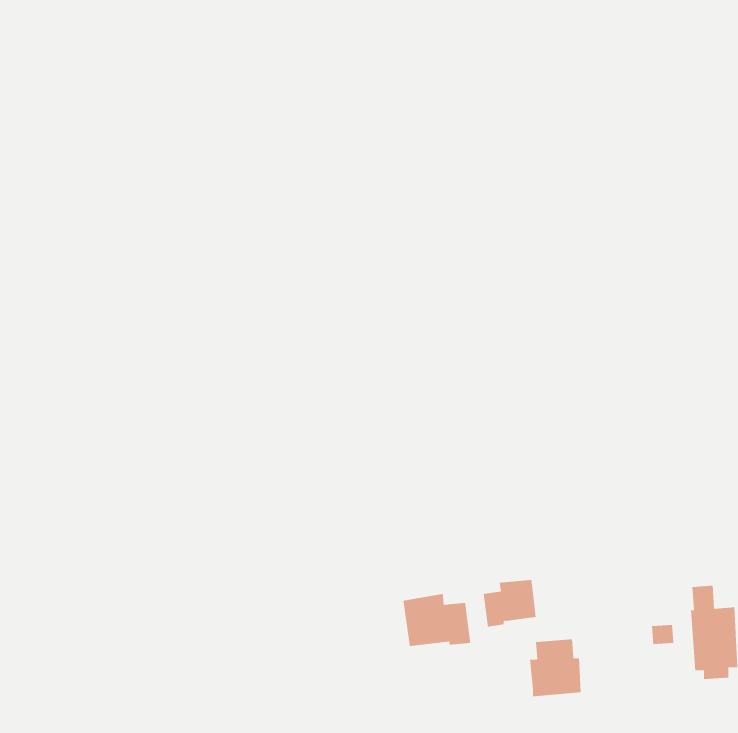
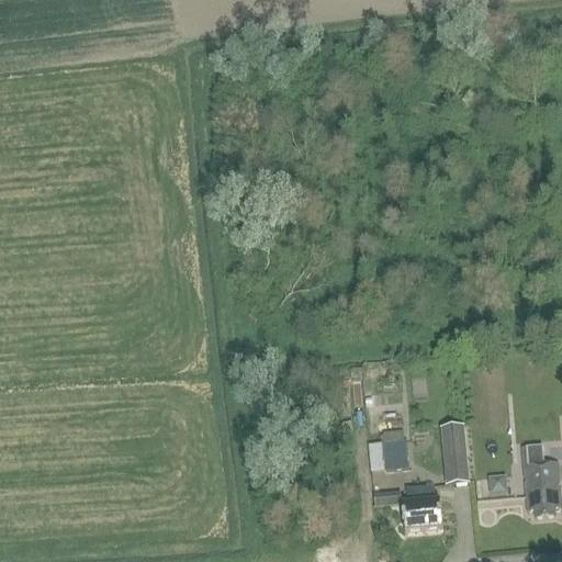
building: none -> [440,423,469,482]
building: [403,593,471,647] -> none

